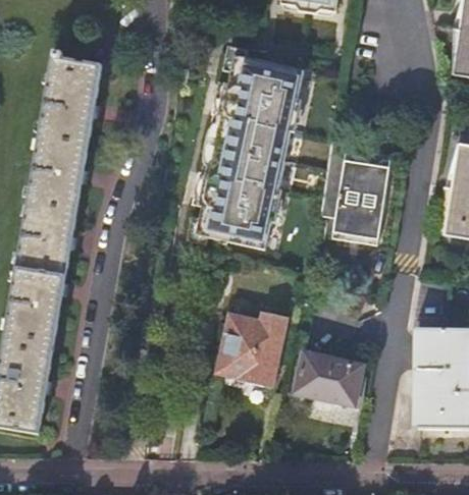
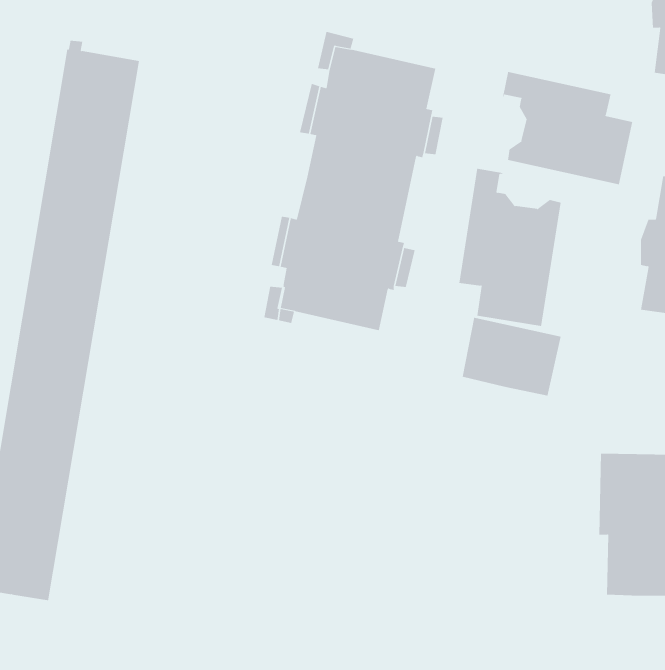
building: none -> [502,71,633,185]
building: [219,311,289,387] -> none
building: [296,351,364,405] -> [462,317,561,396]

